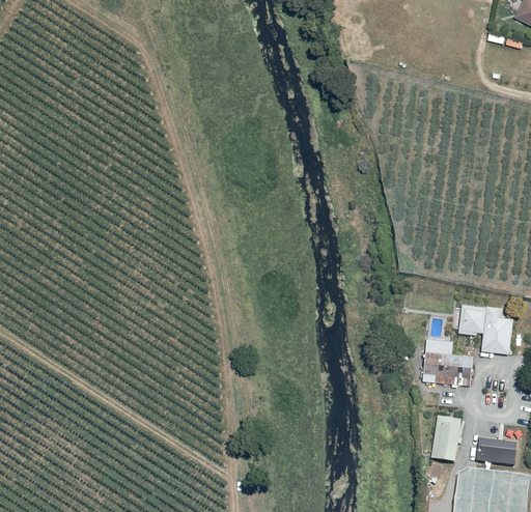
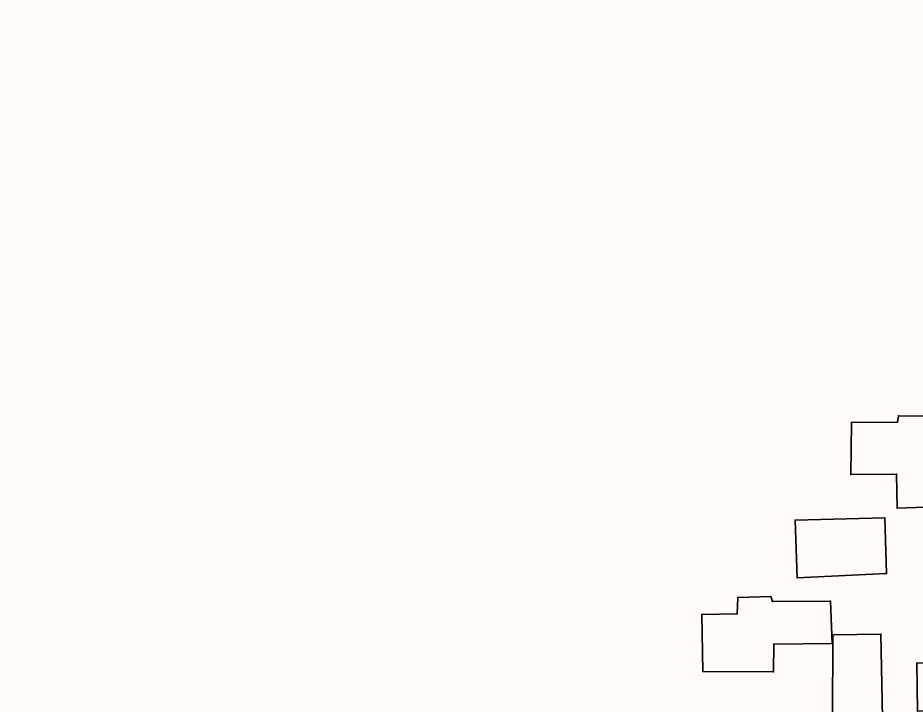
building: none -> [702,597,832,672]

